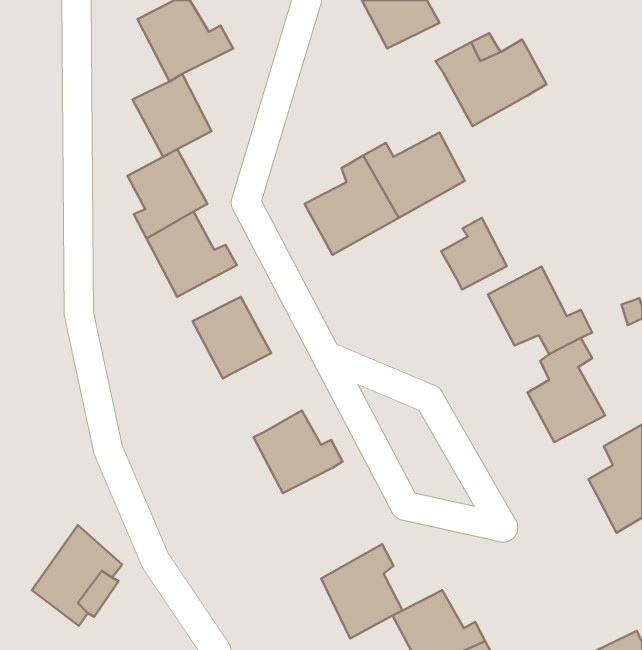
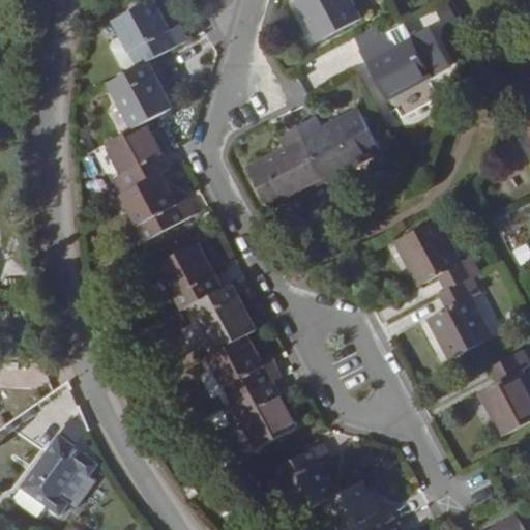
building: [441,218,507,290] -> none
building: none -> [188,283,255,352]
building: none -> [220,381,294,448]

